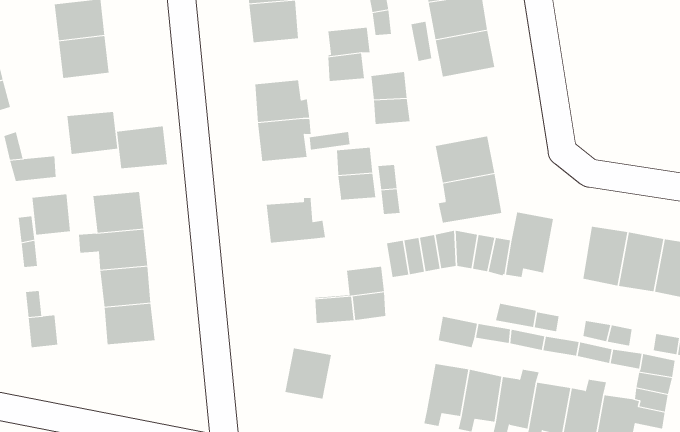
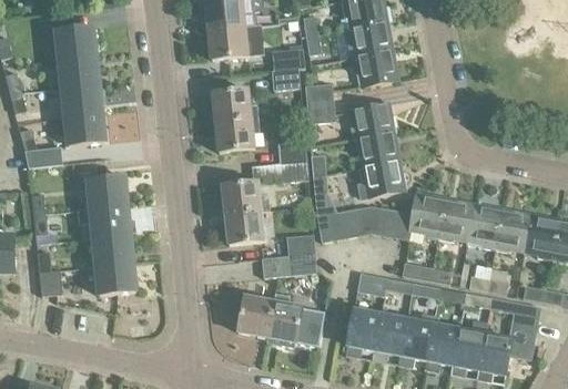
building: none -> [346,101,394,140]
building: [116,126,168,169] -> [64,83,104,116]
building: [32,194,71,235] -> none
building: none -> [437,196,474,243]
building: none -> [225,212,263,245]
building: none -> [266,301,324,346]

